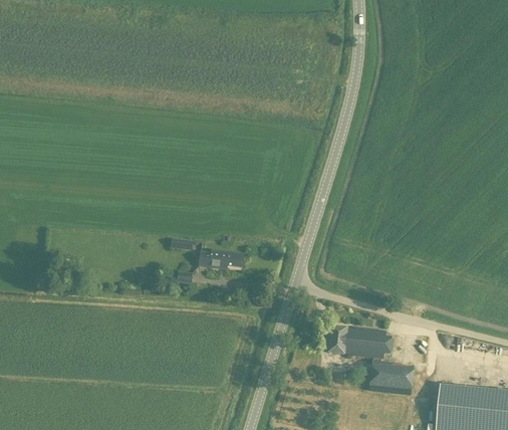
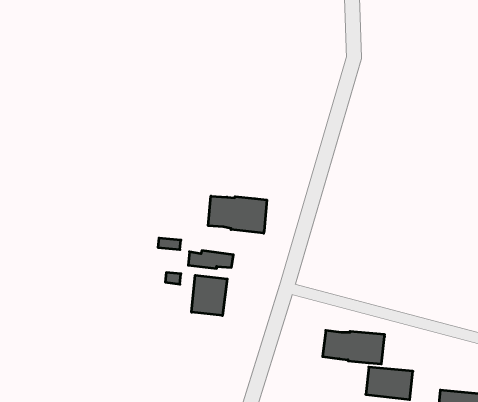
building: none -> [208,196,267,233]
building: none -> [192,275,227,316]

